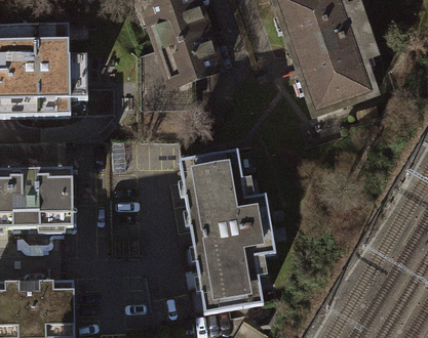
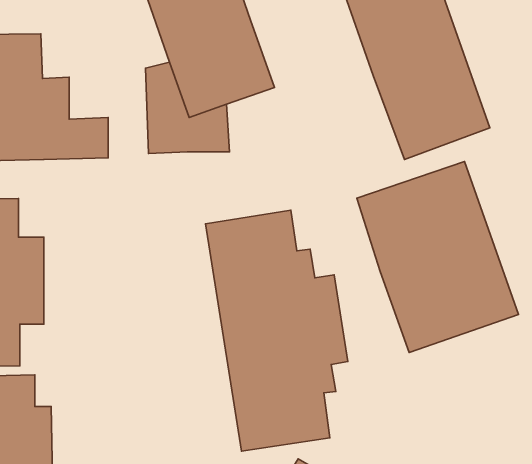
building: none -> [357,161,519,352]

